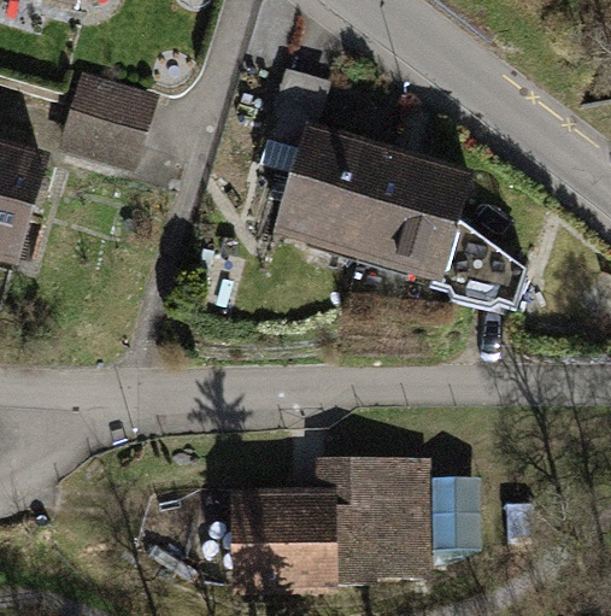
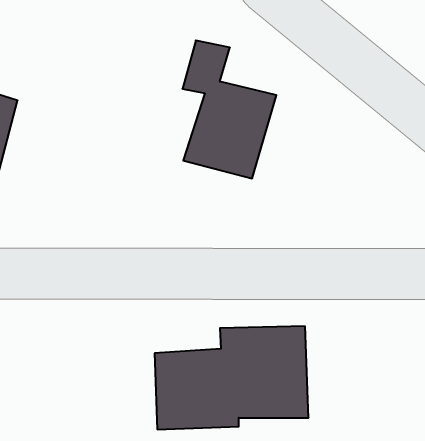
building: [60,72,159,170] -> none
building: [360,146,525,303] -> none

